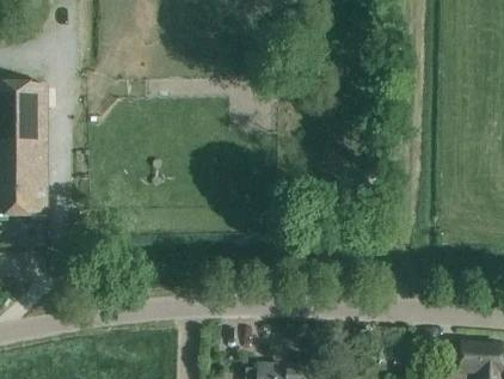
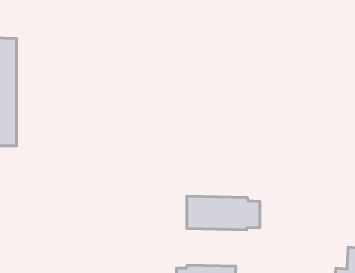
building: none -> [187,196,260,230]

